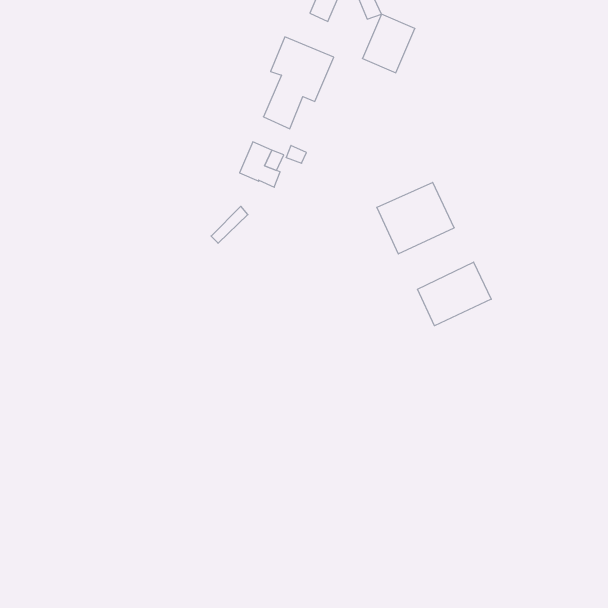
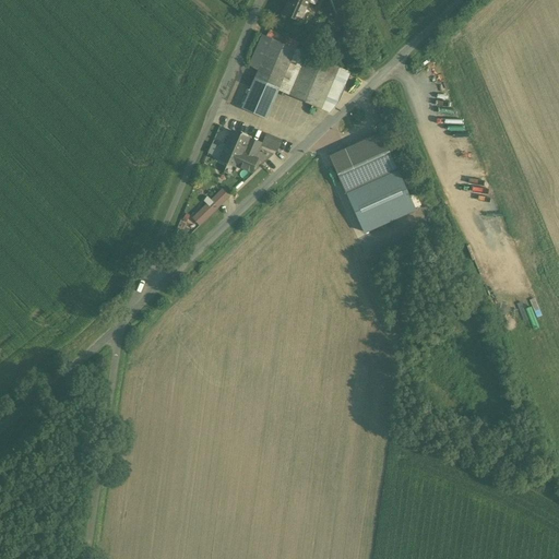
building: [362,14,415,73] -> [289,53,337,107]
building: none -> [330,132,396,190]
building: [418,262,491,326] -> none

